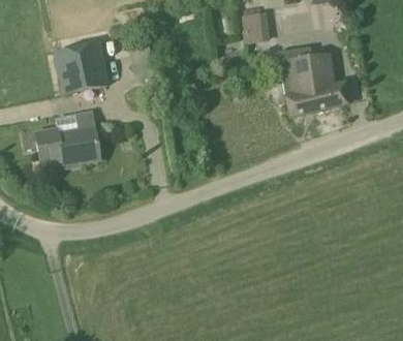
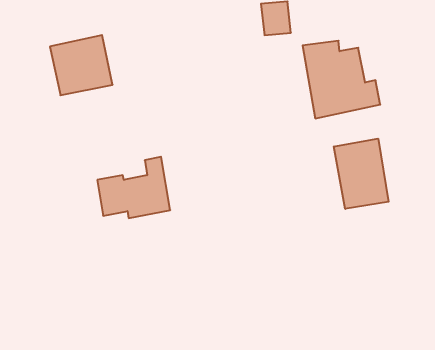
building: [35,111,100,165] -> [97,157,170,218]
building: none -> [334,139,389,209]

